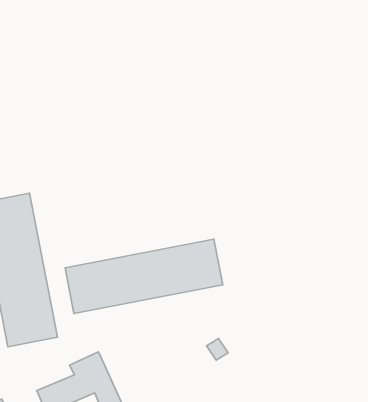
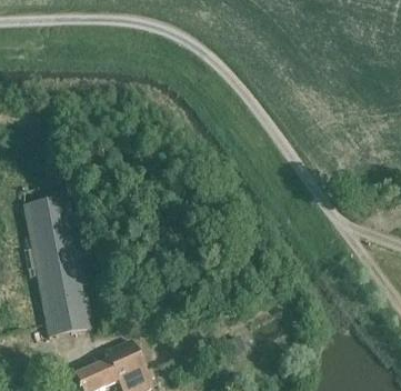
building: [65,239,223,314] -> none

